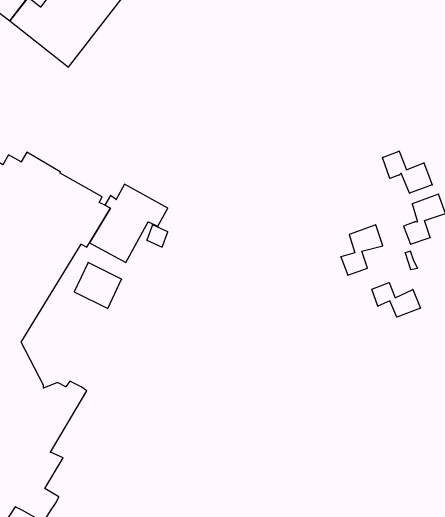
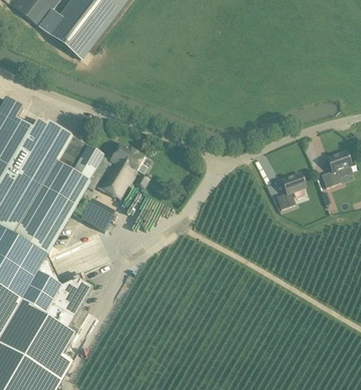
building: [383,151,432,193] -> none
building: [372,283,420,317] -> none

